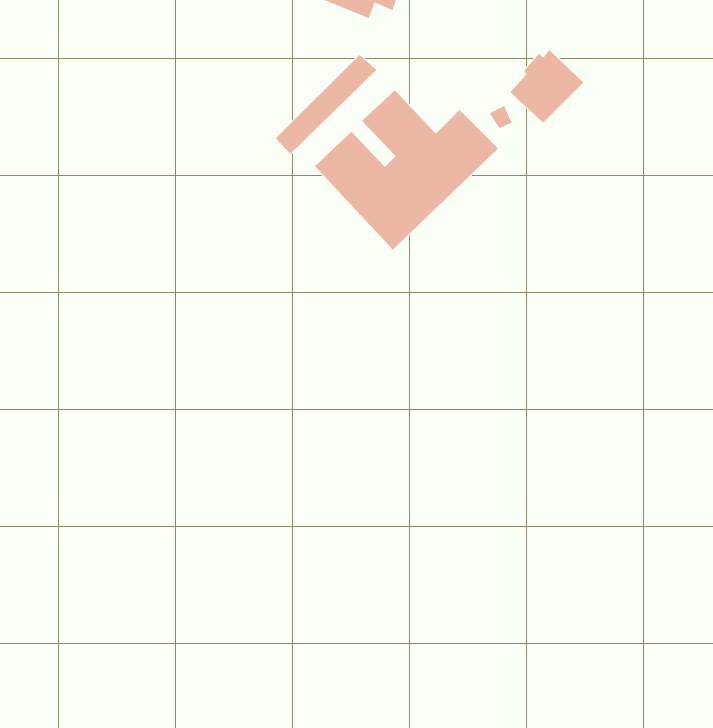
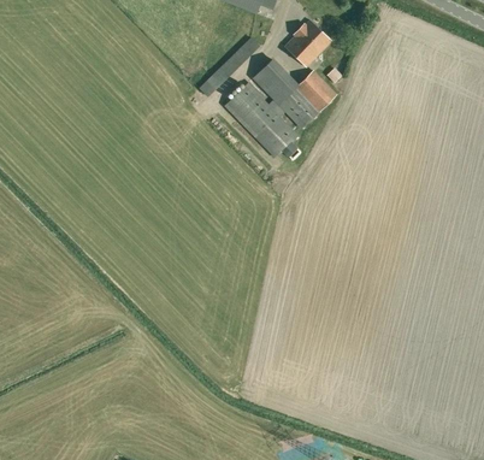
building: [510,49,584,124] -> [285,19,331,65]

